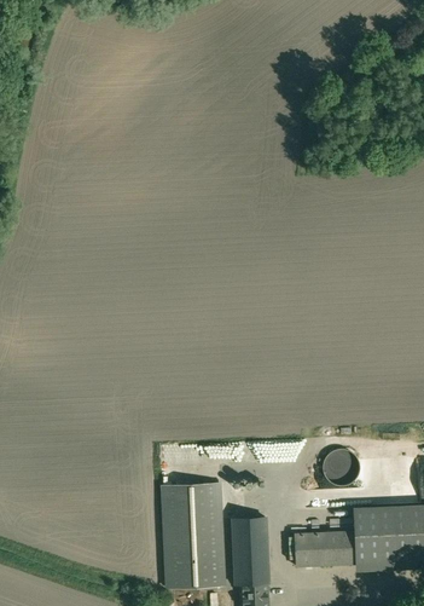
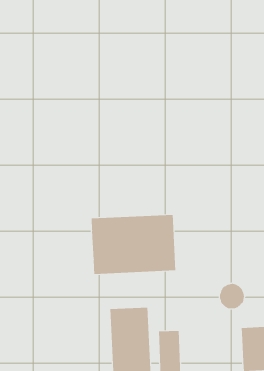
building: none -> [91,214,176,275]
building: [292,527,355,562] -> none

